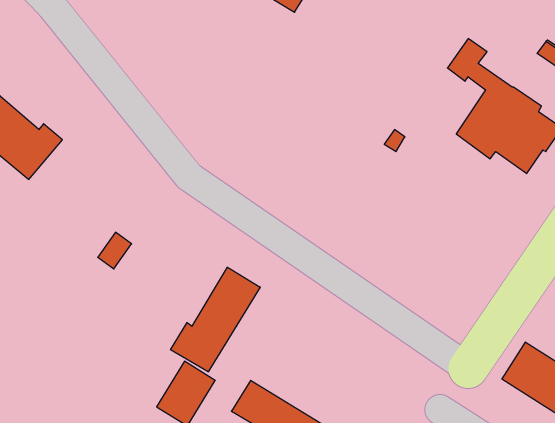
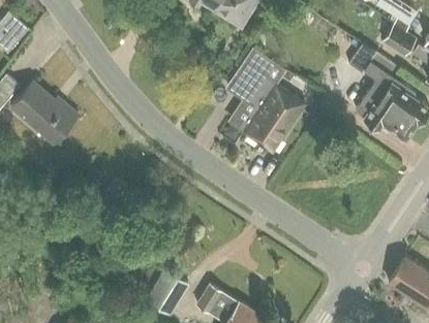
building: none -> [384,21,417,57]
building: none -> [226,49,305,152]
building: [171,267,260,372] -> none

